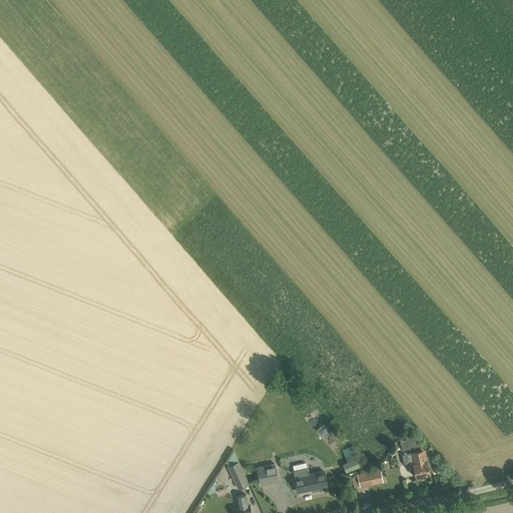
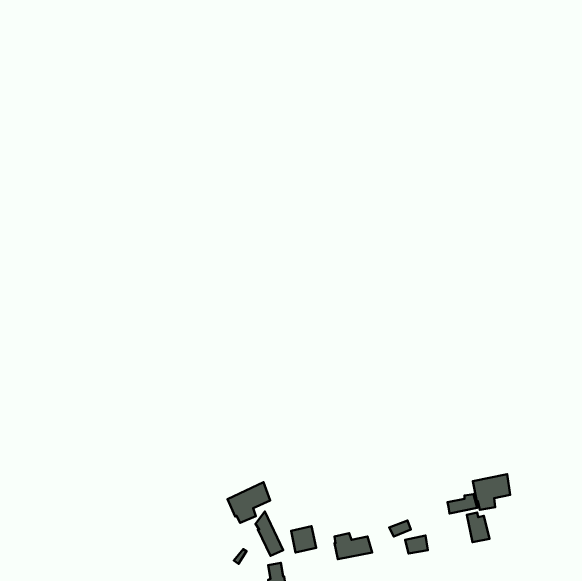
building: none -> [473,474,510,510]
building: none -> [227,482,270,523]

